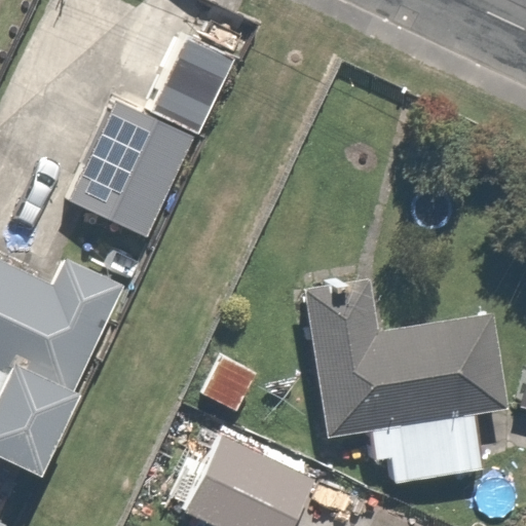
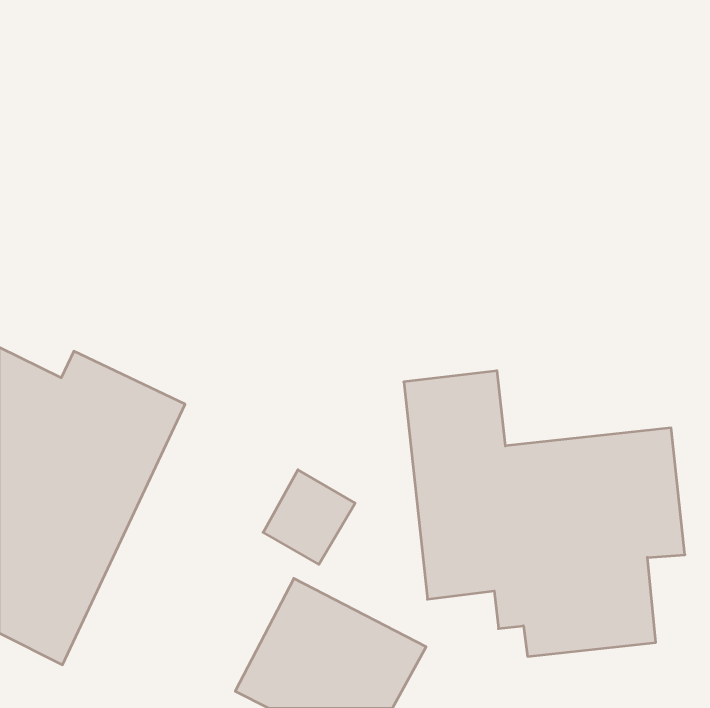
building: [49,15,247,242] -> none

